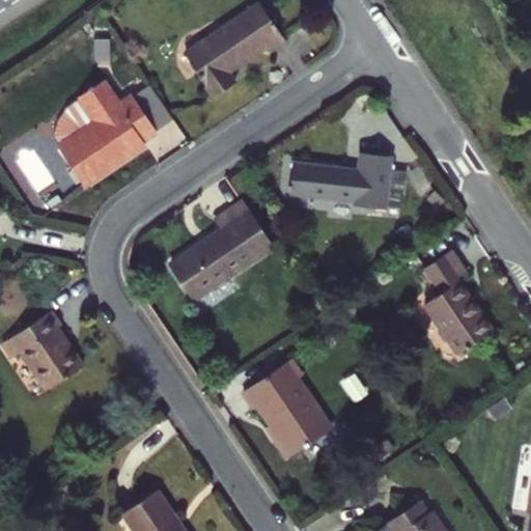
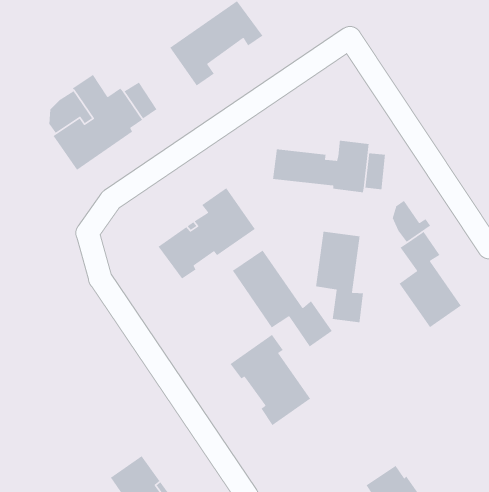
building: none -> [392,200,431,243]
building: none -> [315,231,364,323]
building: none -> [232,250,333,348]
building: [8,309,87,388] -> none

